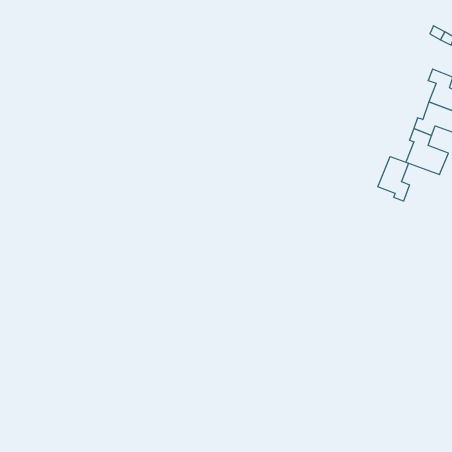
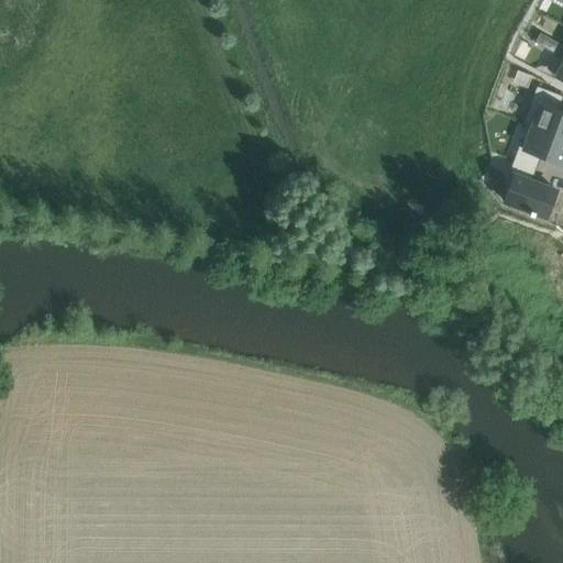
building: [378,157,410,201] -> none

